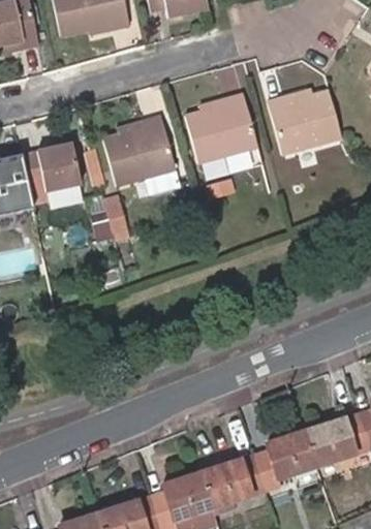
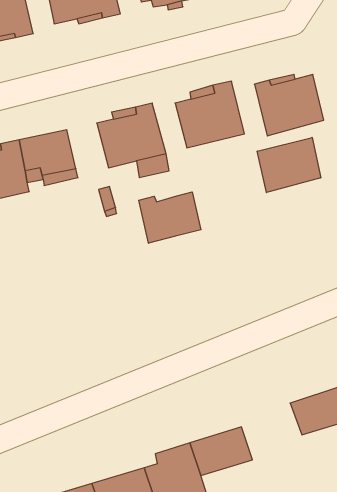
building: none -> [257,137,321,193]
building: none -> [139,192,201,243]
building: [254,430,317,489] -> none

